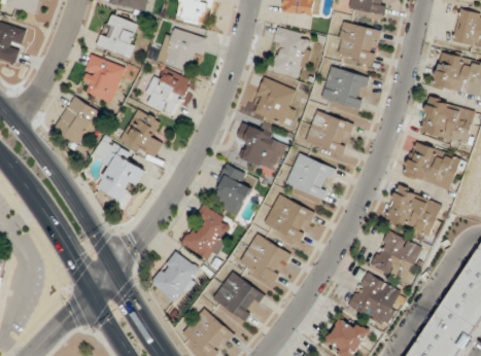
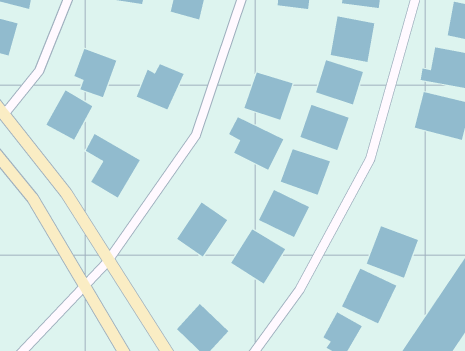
building: [96,12,140,58] -> none
building: [157,26,205,70] -> none
building: [272,27,311,79] -> none
building: [119,108,162,158] -> none
building: [402,141,462,191] -> none
building: [212,164,251,215] -> none
building: [383,184,442,238] -> none
building: [150,250,202,304] -> none
building: [212,271,265,321] -> none

